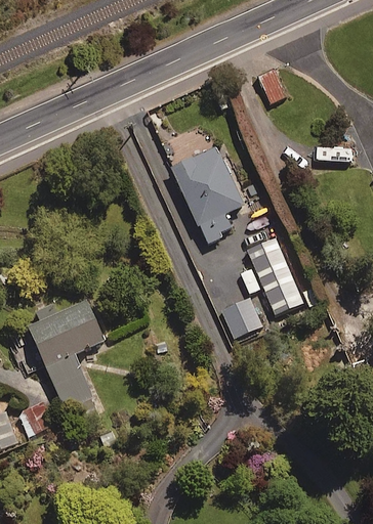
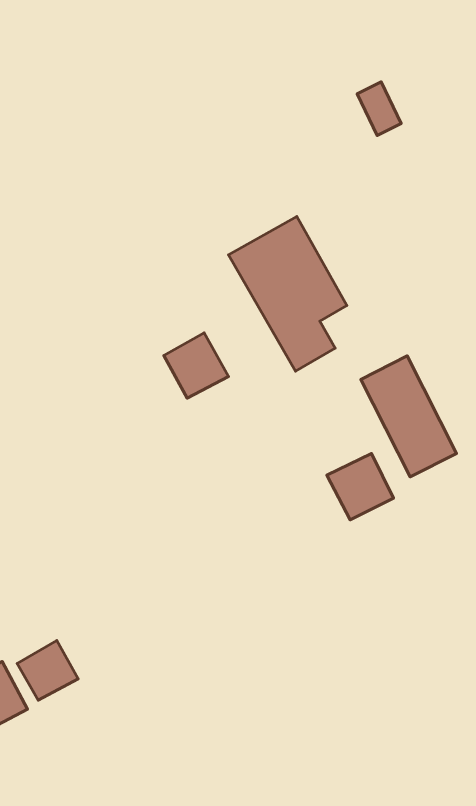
building: none -> [164,333,229,398]
building: [30,301,105,405] -> none

